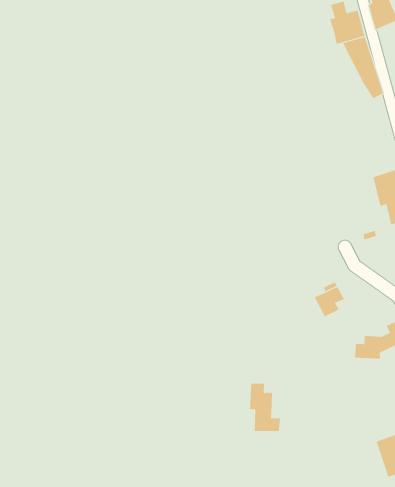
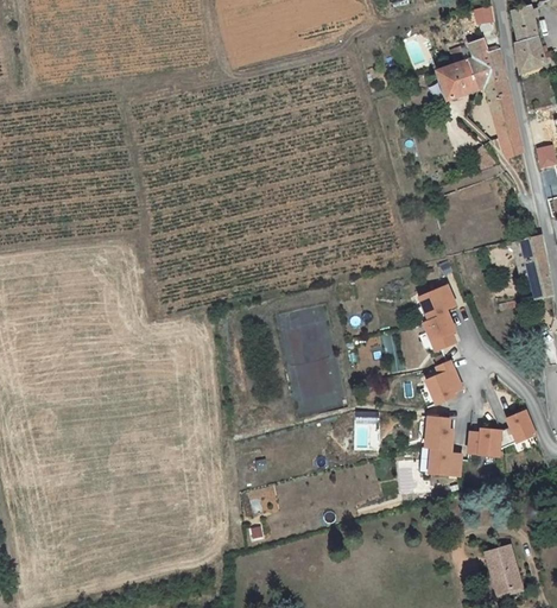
building: none -> [435,42,473,96]
building: none -> [419,285,456,350]
building: [249,383,281,431] -> [424,416,460,474]

